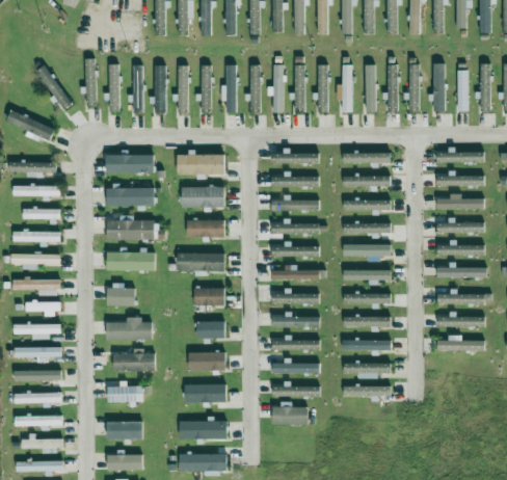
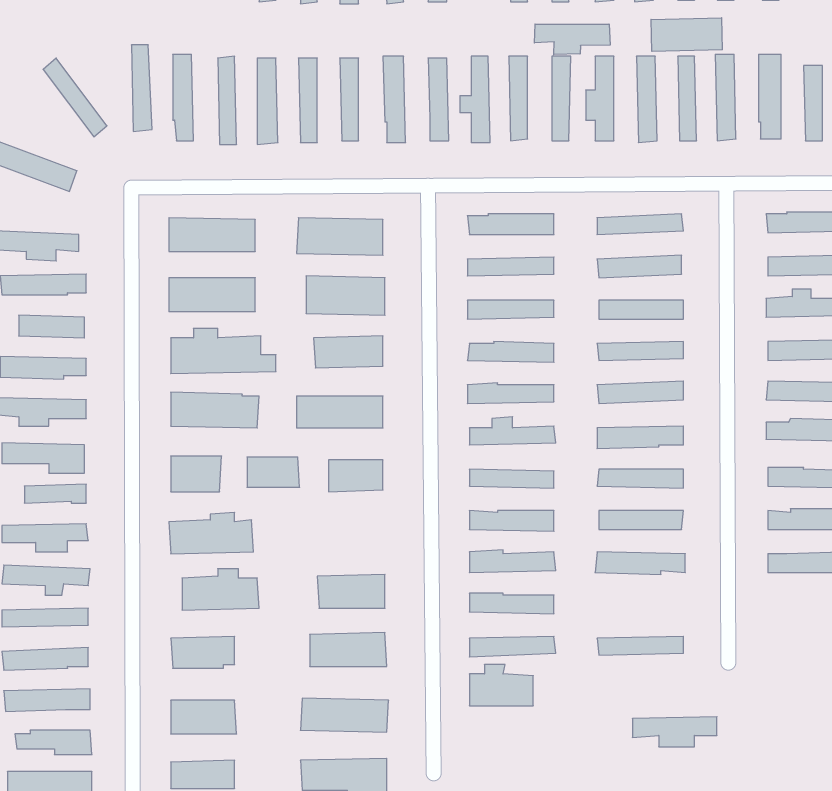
building: none -> [651,18,722,51]
building: none -> [534,24,610,55]
building: [196,321,225,338] -> [247,457,300,487]
building: [344,362,391,378] -> [632,717,717,747]

